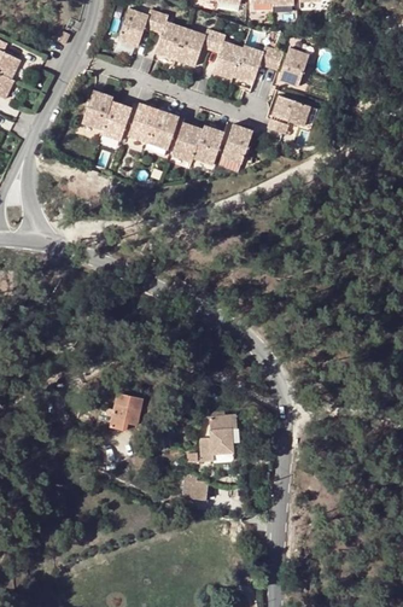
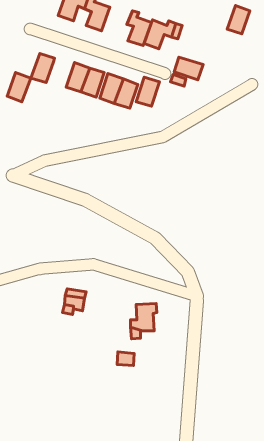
building: [173,29,214,68] -> none
building: [275,49,305,87] -> [227,5,250,34]
building: [98,101,129,140] -> [7,73,31,102]

